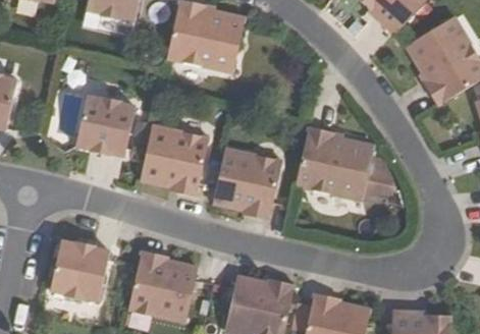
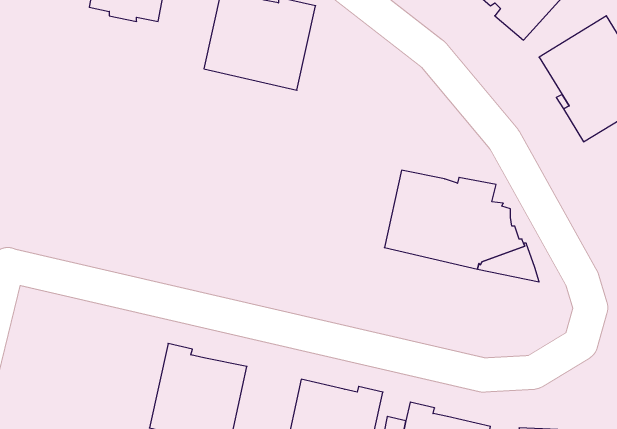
building: [75,96,136,157] -> none
building: [140,124,209,198] -> none
building: [213,148,282,221] -> none
building: [50,241,110,301] -> none

